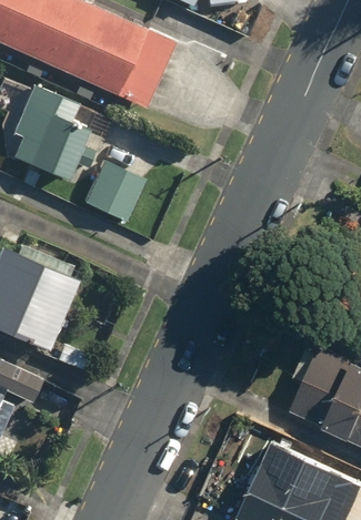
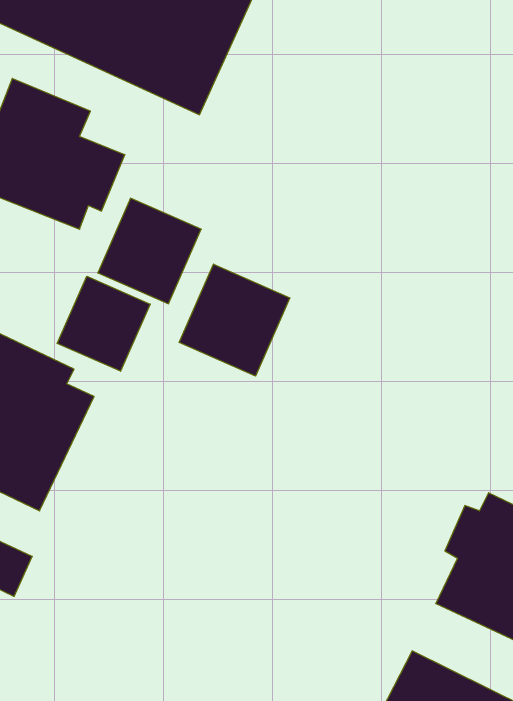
building: none -> [179,264,290,376]
building: none -> [57,276,150,371]

